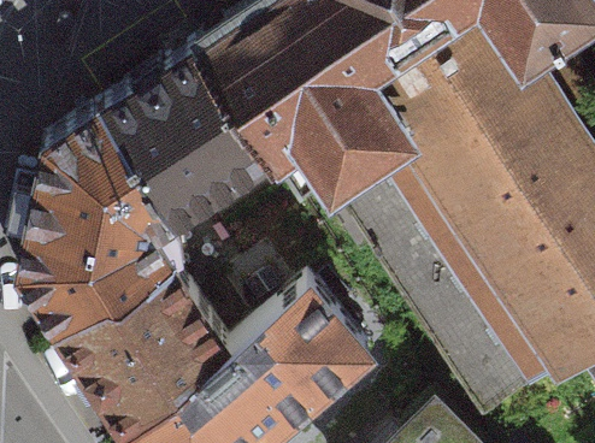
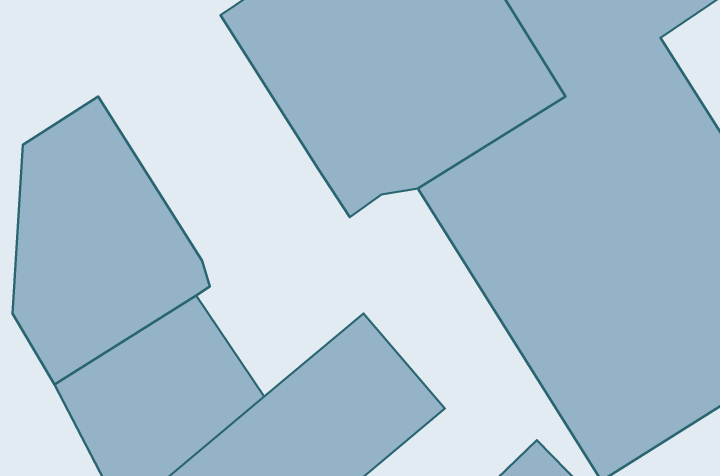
building: [94,51,270,240] -> none

